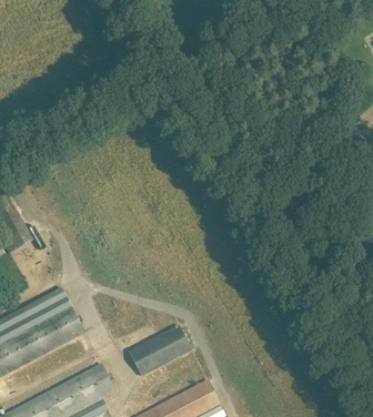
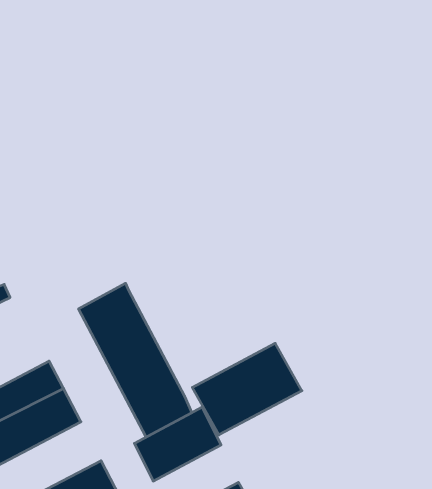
building: none -> [79,283,192,437]
building: none -> [192,343,302,435]

